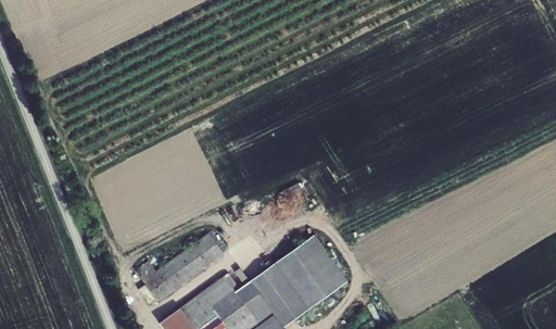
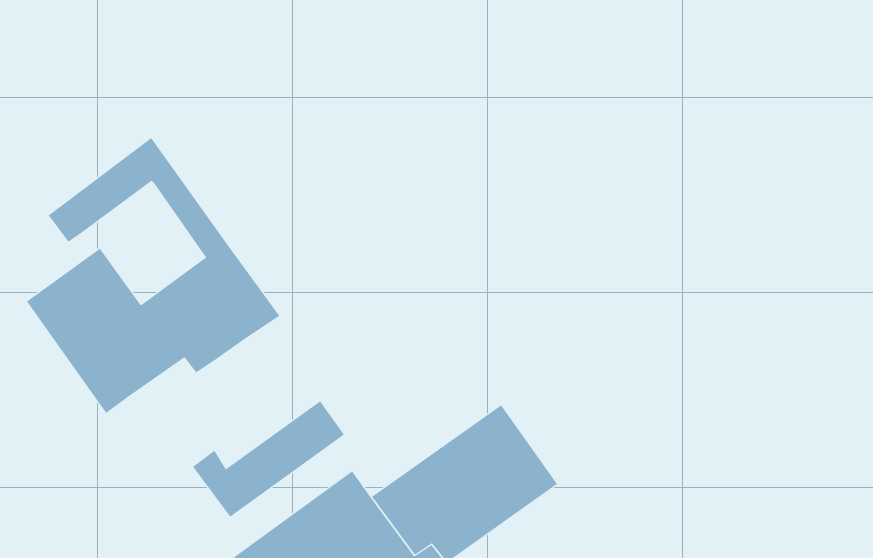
building: none -> [26,137,280,414]

